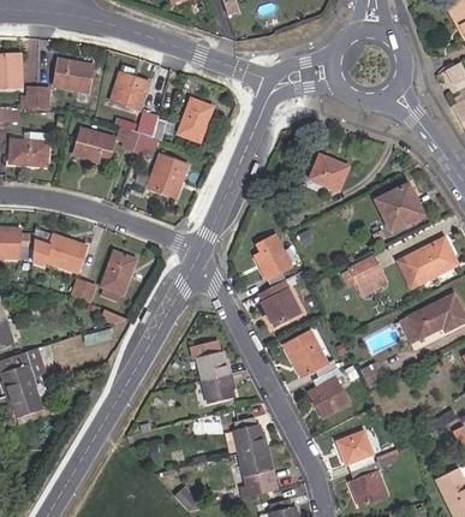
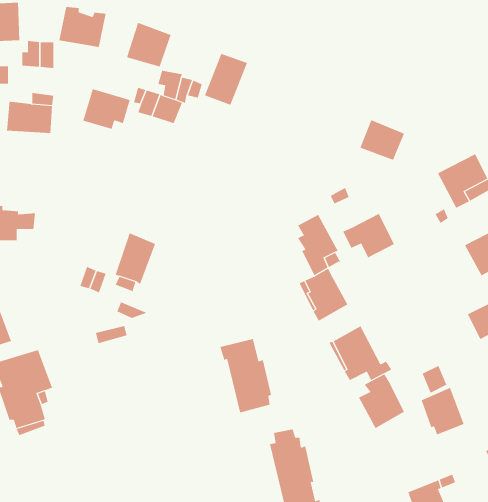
building: [148,154,186,196] -> none
building: [31,228,85,271] -> none
building: [341,257,386,296] -> [342,213,395,258]
building: [336,430,374,471] -> [421,387,465,435]

